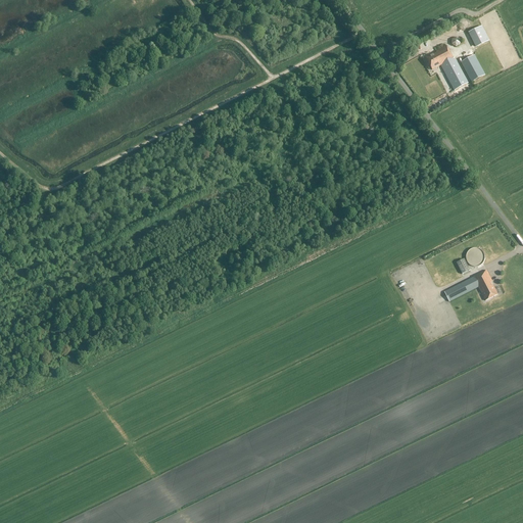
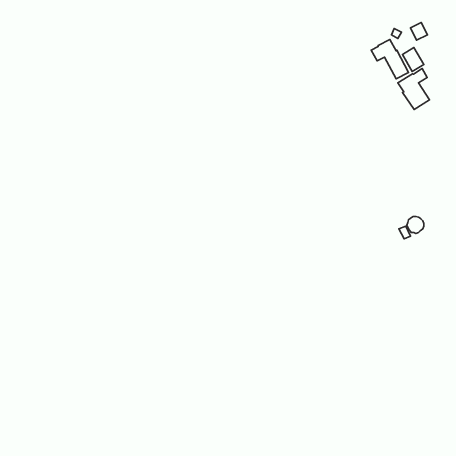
building: none -> [398,69,429,109]
building: [443,270,497,301] -> none

